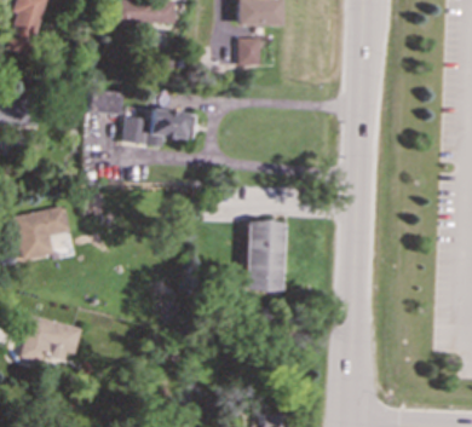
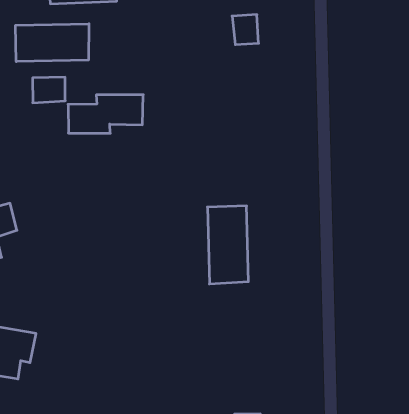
building: [238,36,261,63] -> [232,15,259,45]
building: none -> [16,24,89,62]

